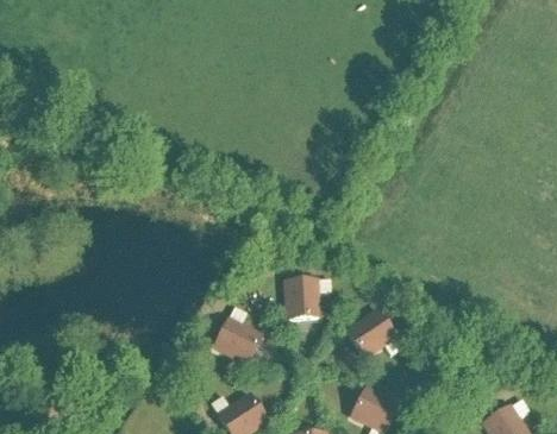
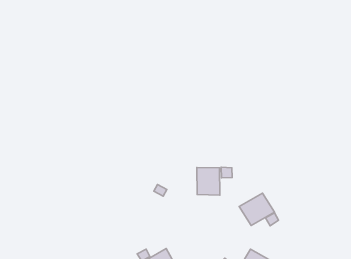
building: [214,317,261,361] -> none

